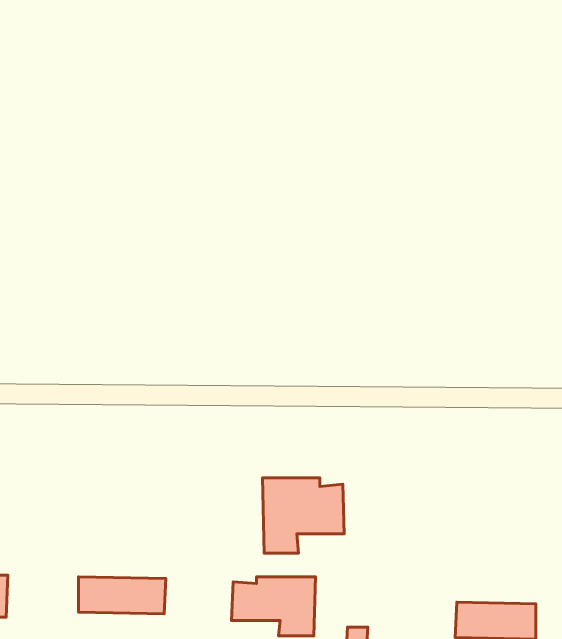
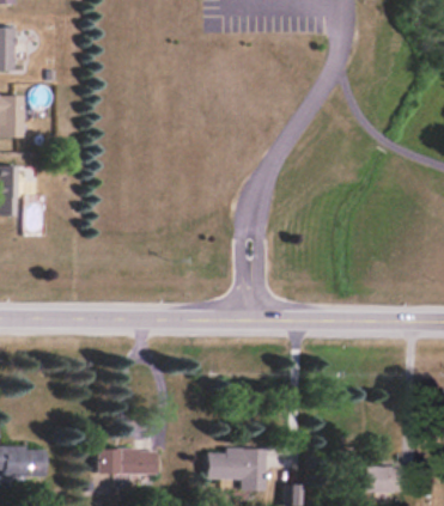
building: [263,478,344,553] -> none

